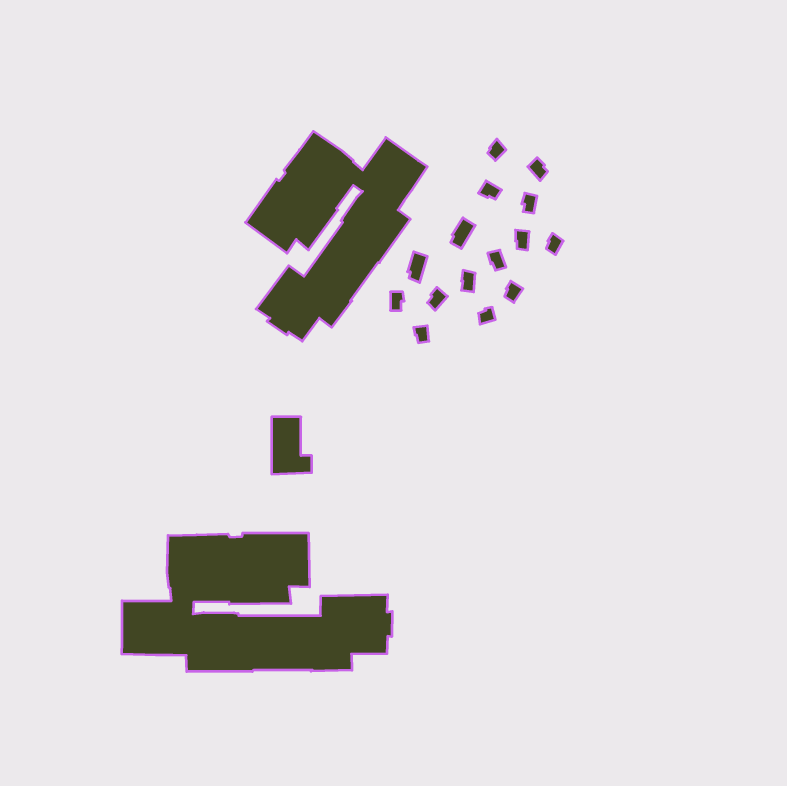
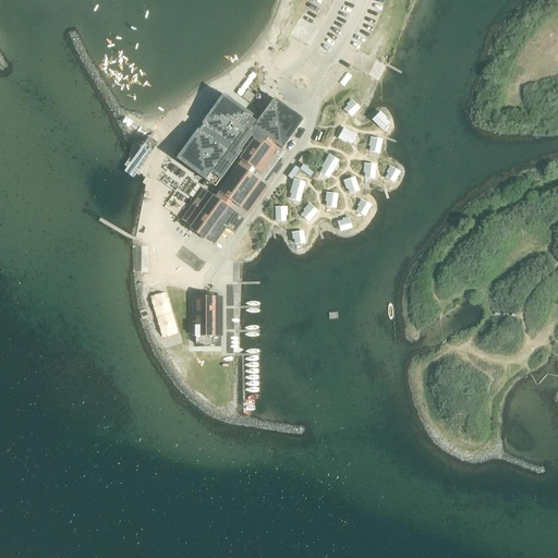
building: [122,533,392,672] -> none

